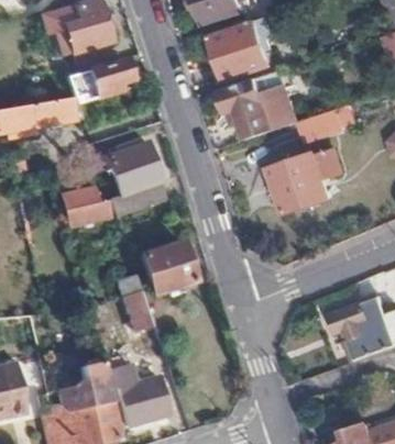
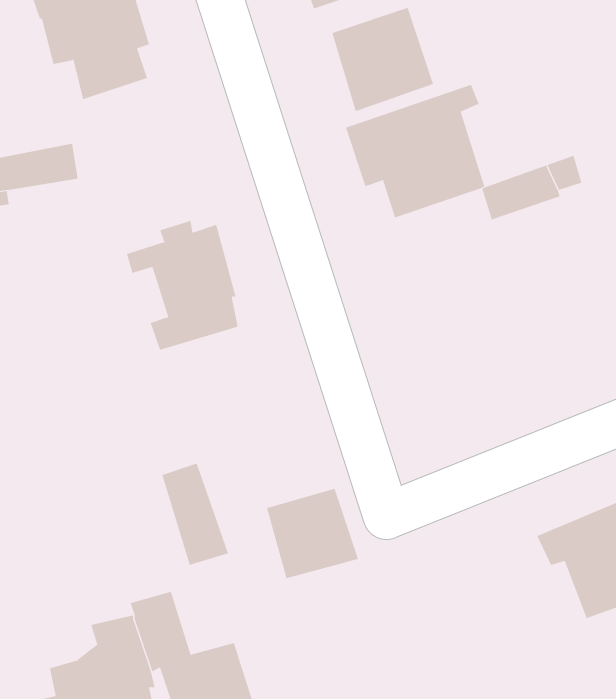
building: [69,60,131,103] -> none
building: [271,149,343,212] -> none
building: [63,190,102,230] -> none
building: [141,244,193,295] -> [266,488,359,579]

